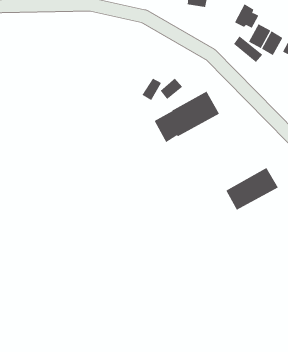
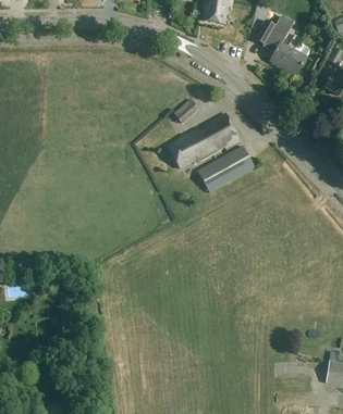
building: [226,167,279,210] -> [198,145,256,191]

